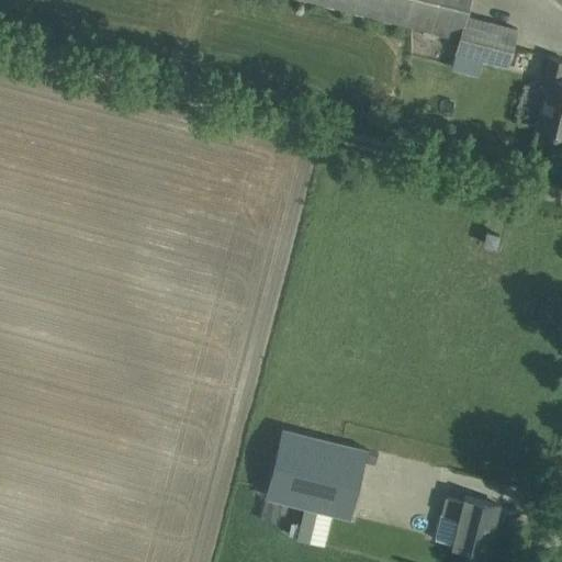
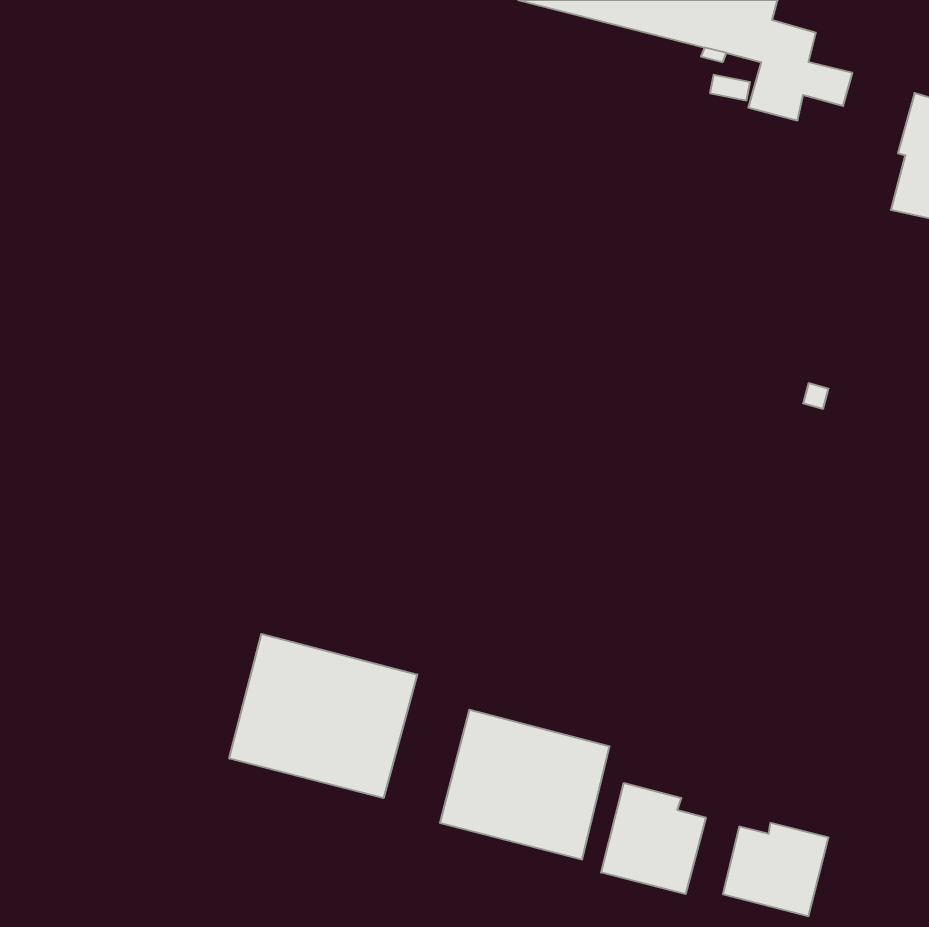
building: none -> [229,634,417,798]
building: none -> [601,783,706,894]

